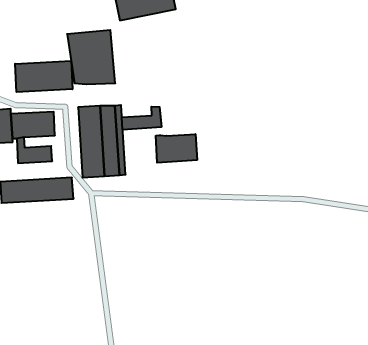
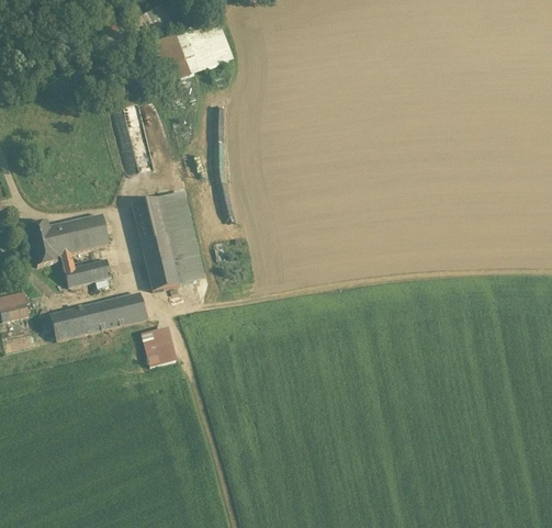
building: [15,61,72,92] -> none
building: [122,107,161,130] -> none
building: [156,134,197,163] -> none
building: none -> [142,327,177,367]

